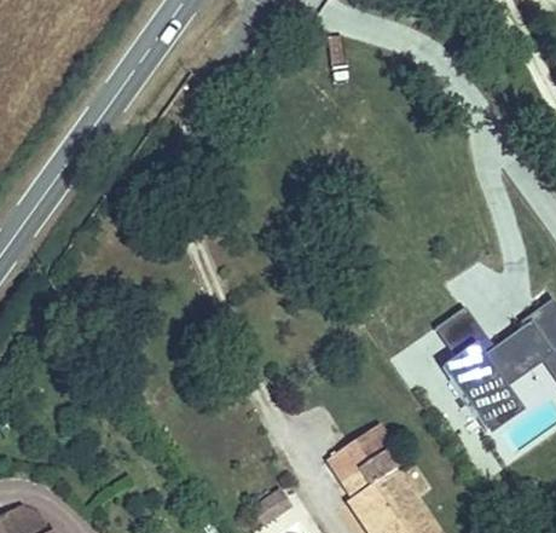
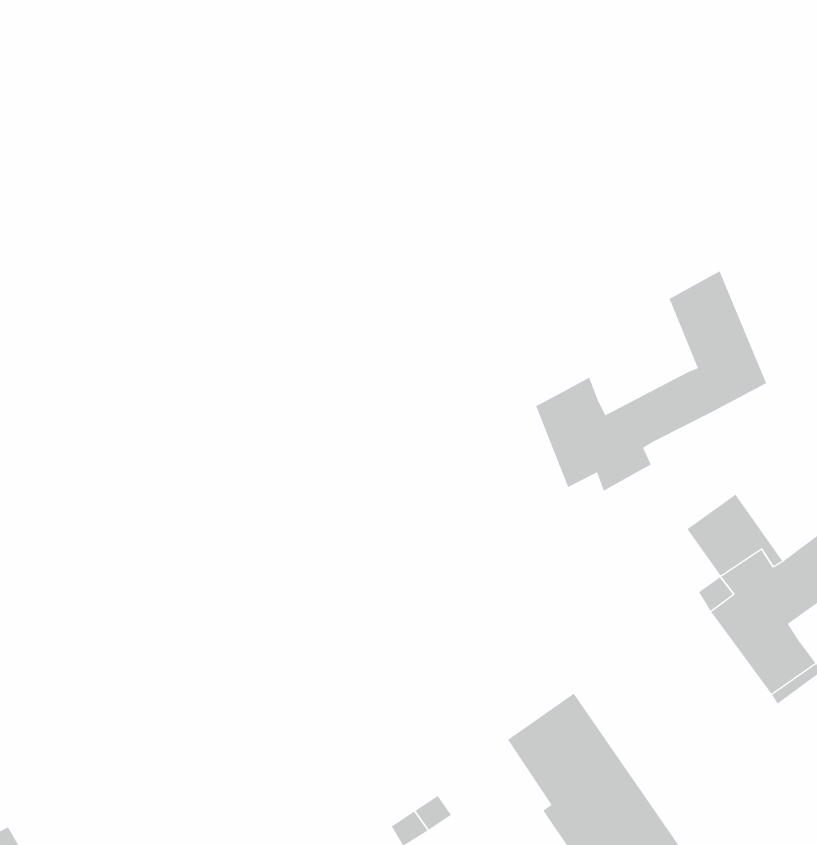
building: none -> [536,271,767,492]

